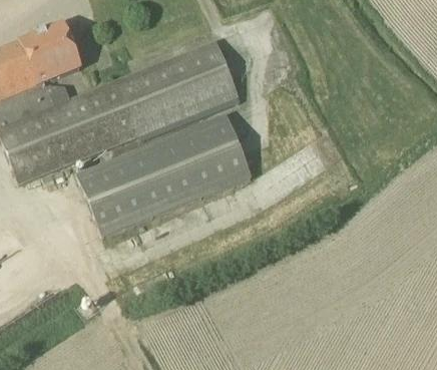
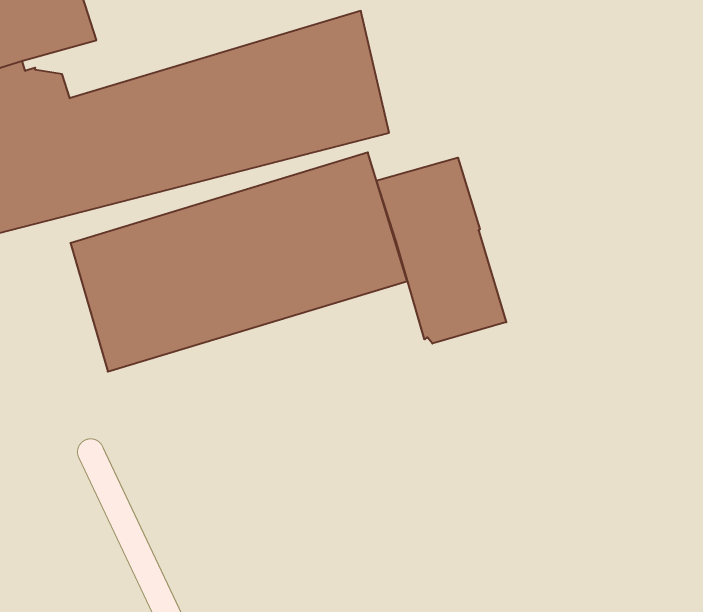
building: none -> [376,158,506,344]

